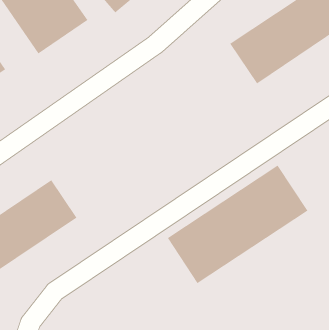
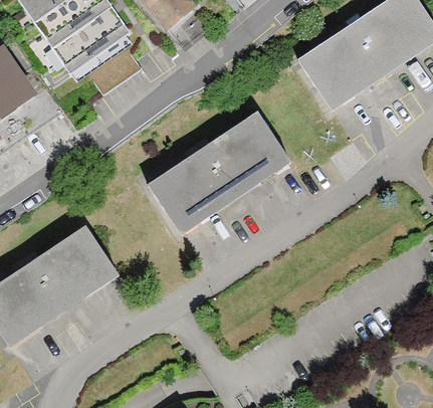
building: none -> [148,114,289,233]
building: [167,165,308,284] -> none

